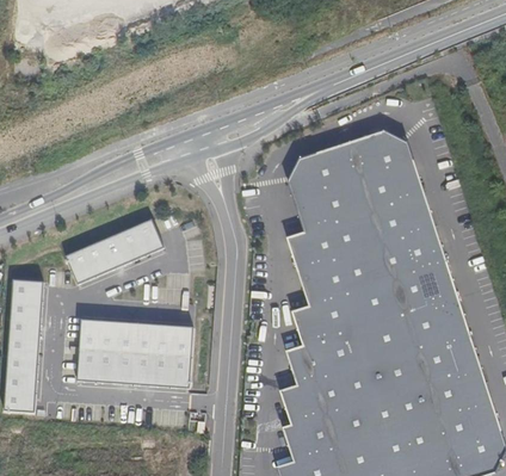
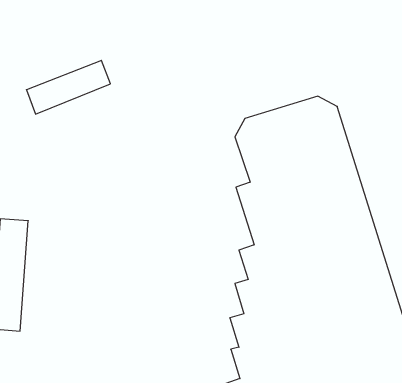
building: [68,216,167,279] -> [26,60,110,114]
building: [78,314,195,384] -> none

